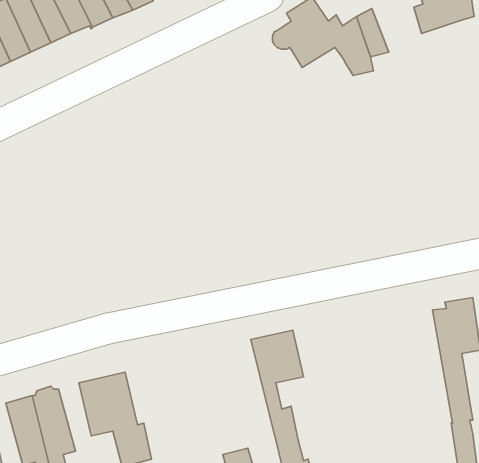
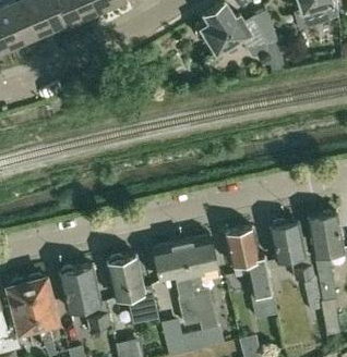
building: none -> [270,222,322,312]
building: none -> [226,227,278,318]
building: none -> [153,243,198,316]
building: none -> [108,255,159,324]

